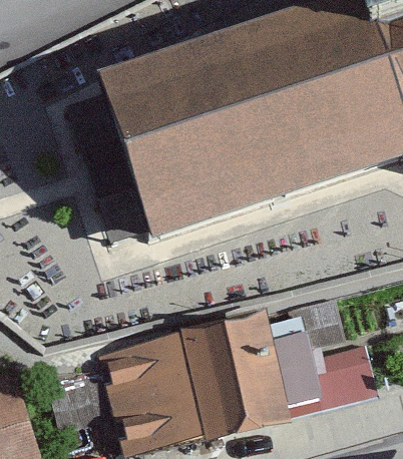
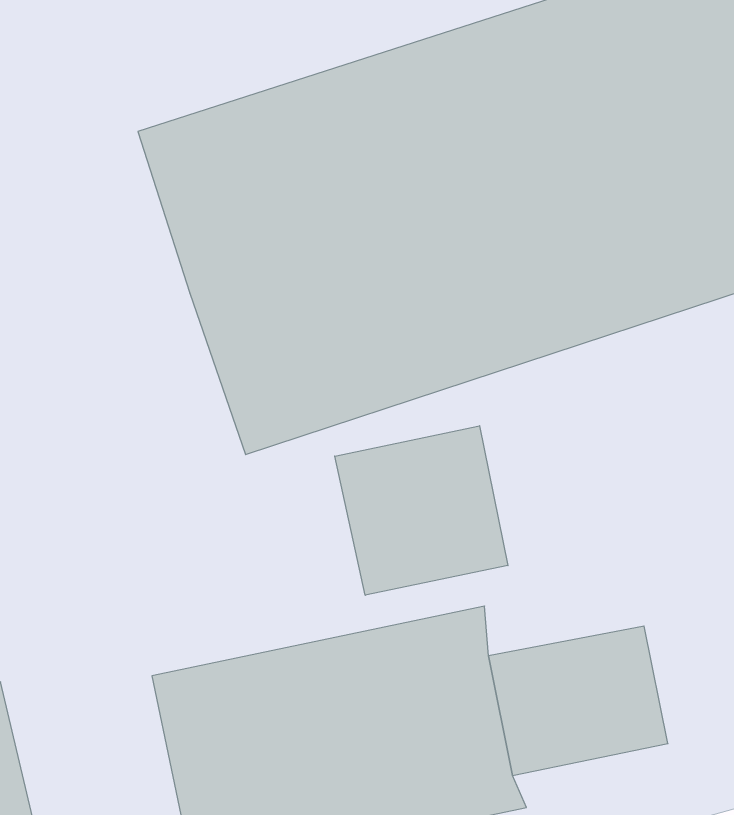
building: none -> [335,426,508,595]

